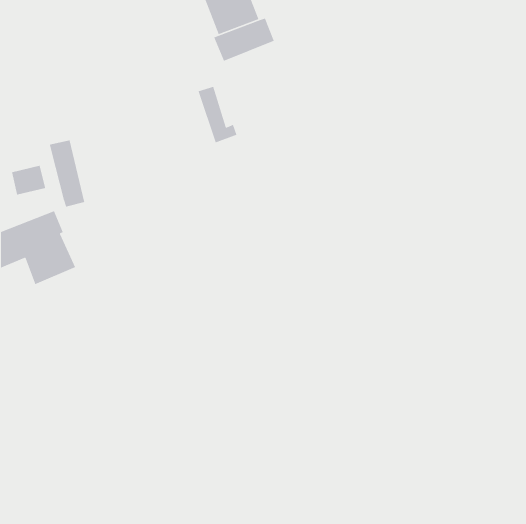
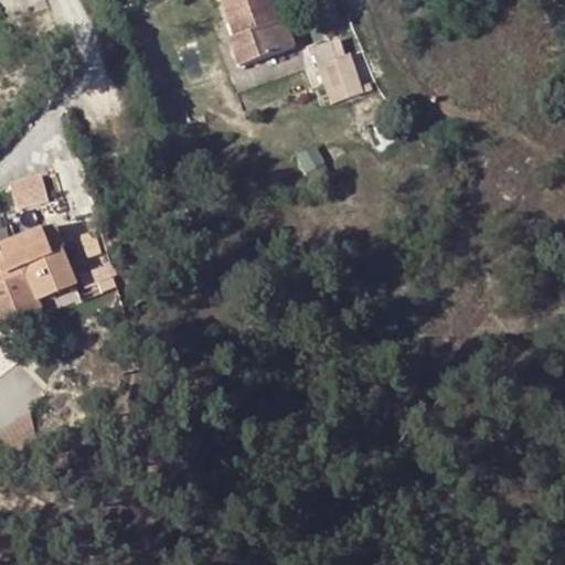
building: [198,86,238,143] -> [308,28,351,89]
building: [49,140,85,208] -> none

